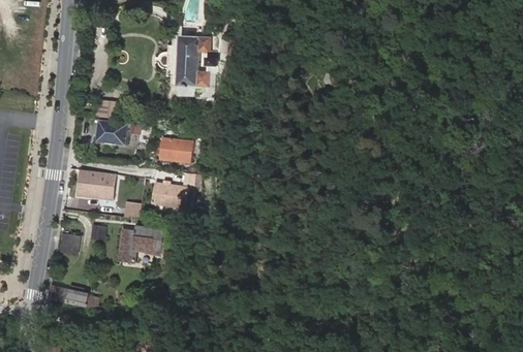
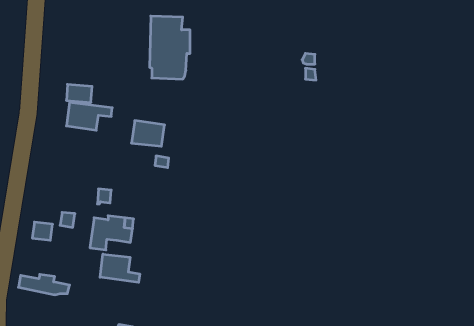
building: [75,170,115,199] -> none
building: [150,182,183,206] -> none
building: none -> [100,254,140,282]

